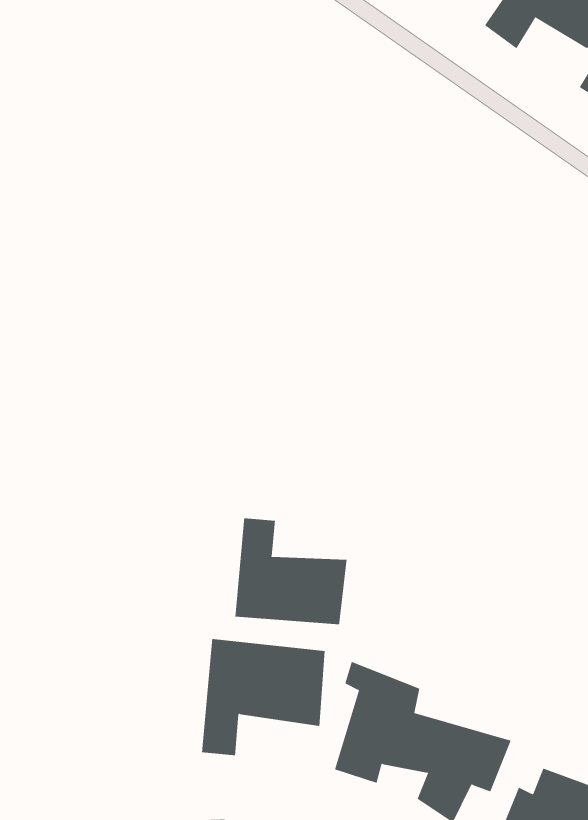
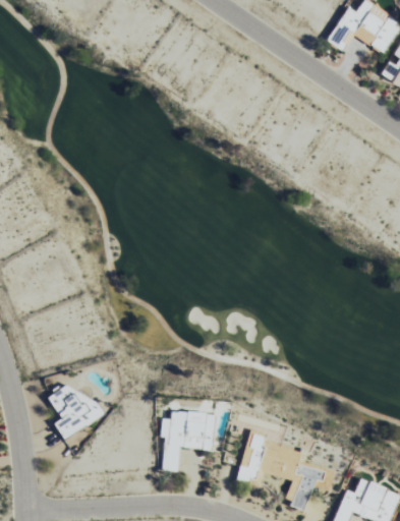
building: [235,518,347,625] -> none
building: none -> [45,374,109,443]

